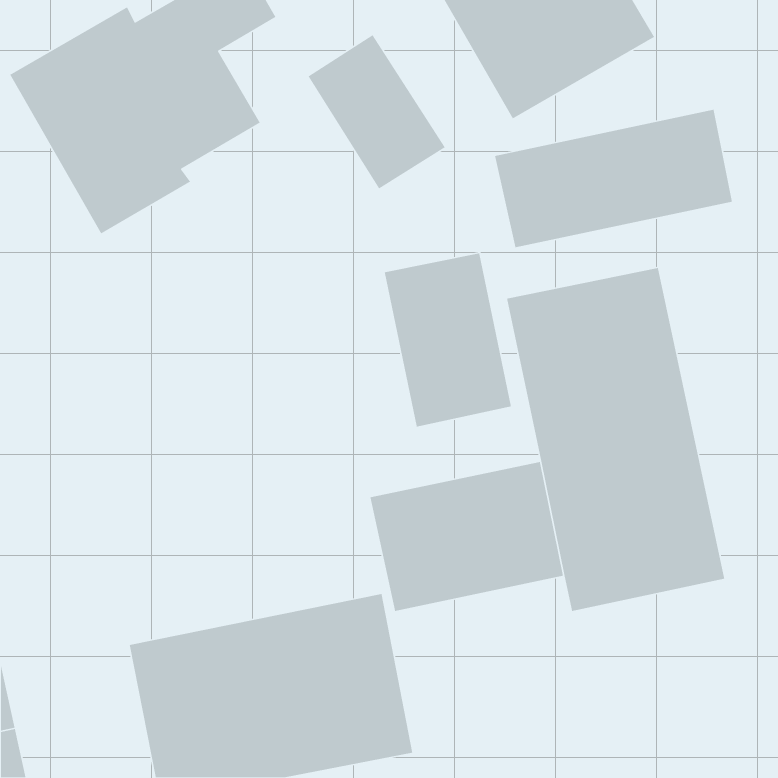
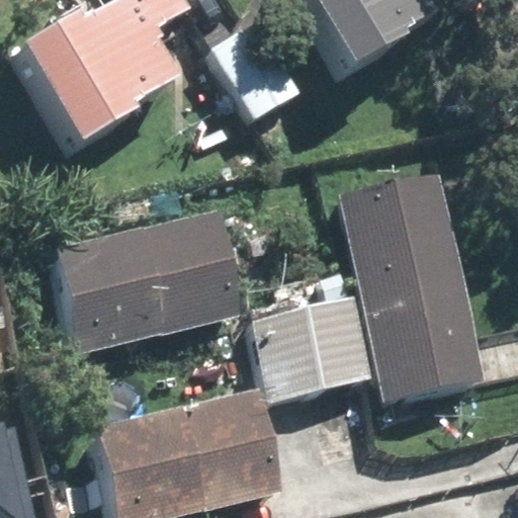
building: [494,109,733,248] -> none
building: [384,253,512,428] -> none
building: none -> [51,218,239,354]

